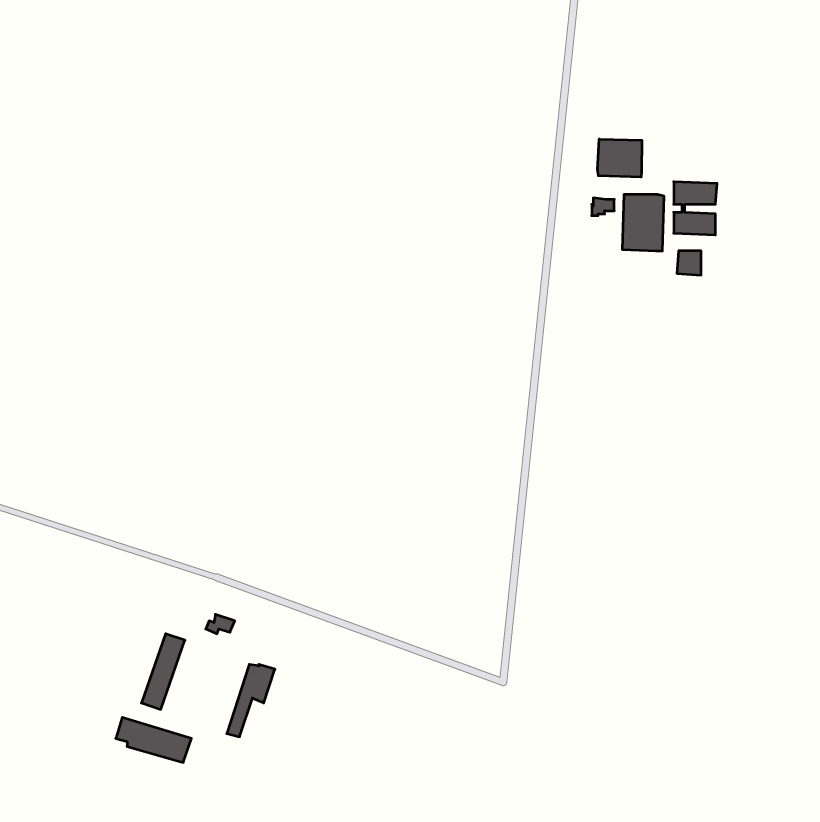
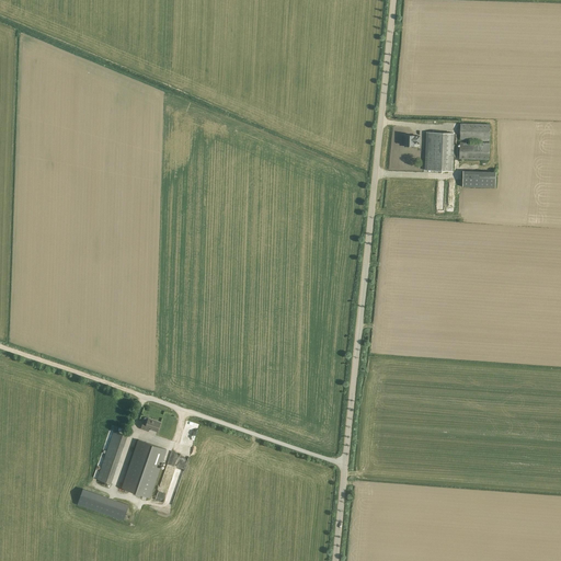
building: [598,139,642,177] -> none
building: none -> [121,439,165,497]

